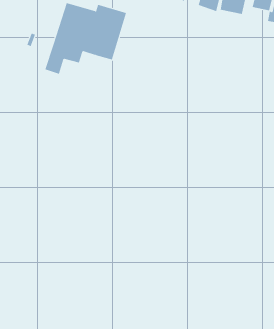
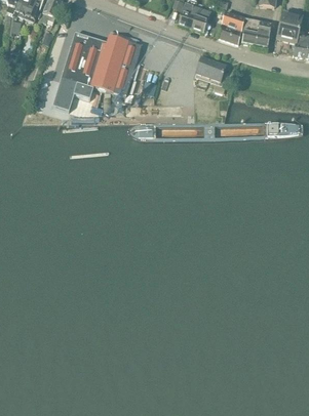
building: none -> [195,55,225,80]

